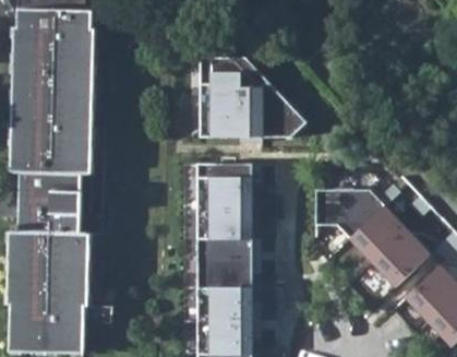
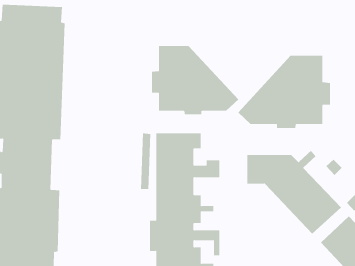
building: none -> [237,55,331,129]

